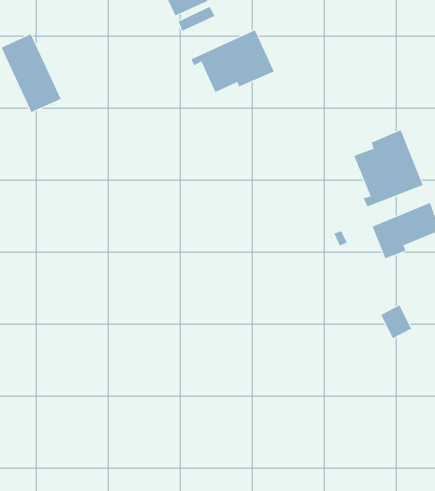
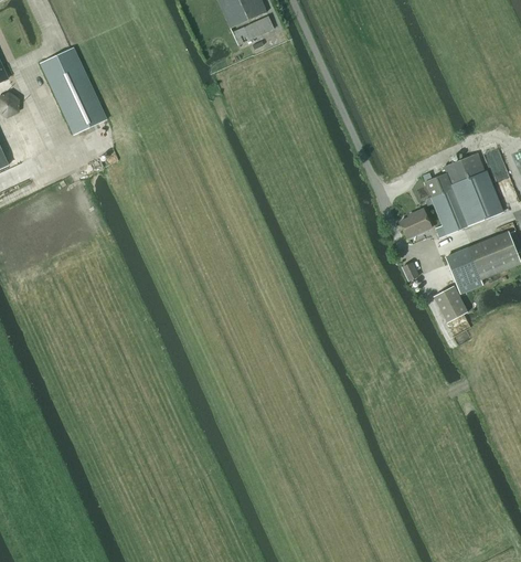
building: [191,29,274,93] -> none
building: none -> [400,208,432,237]
building: [381,305,412,339] -> [433,284,467,321]

